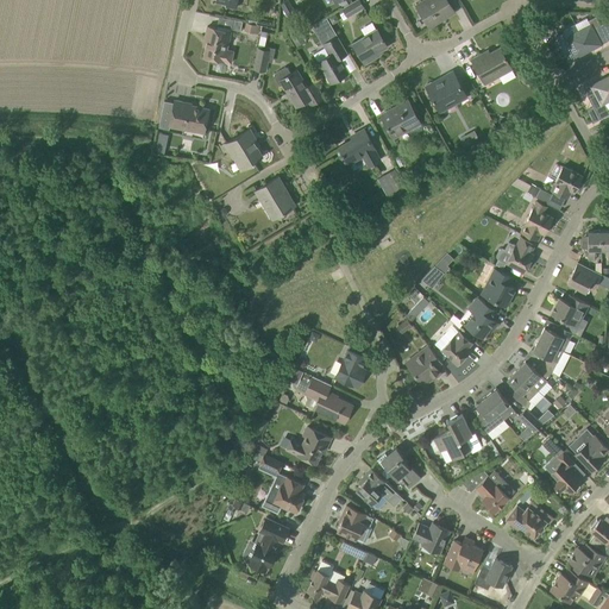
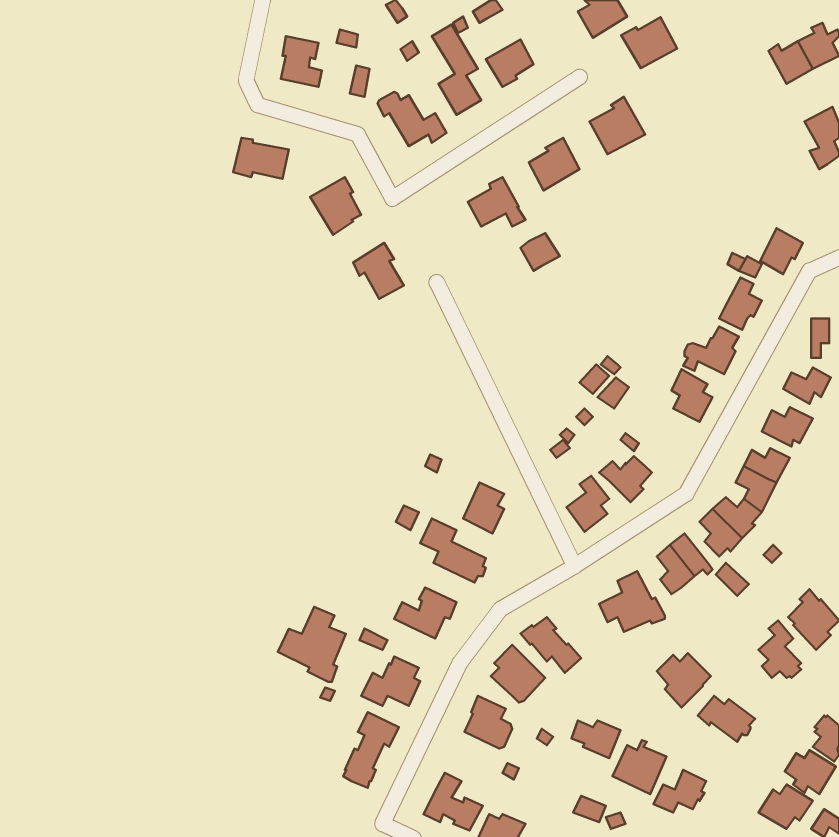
building: [471,48,511,84] -> [621,17,677,68]
building: [465,299,497,338] -> none
building: none -> [278,607,346,682]

